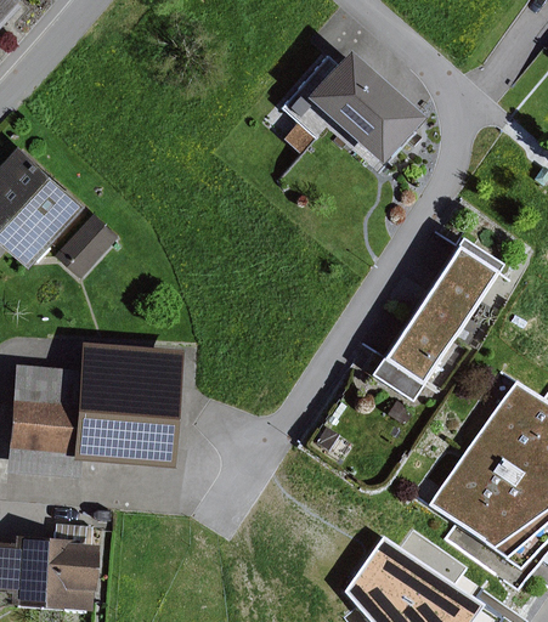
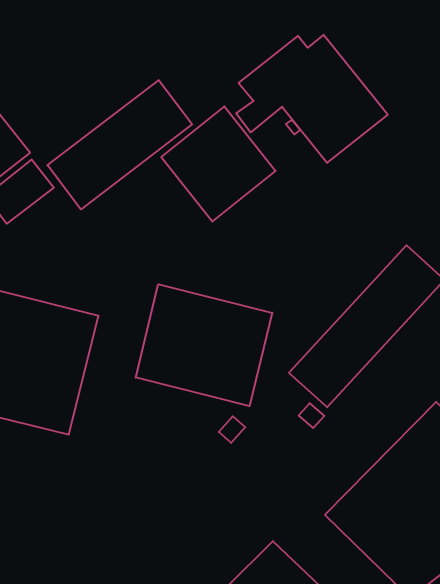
building: none -> [47,80,192,209]
building: none -> [161,106,276,222]
building: none -> [136,284,272,406]

